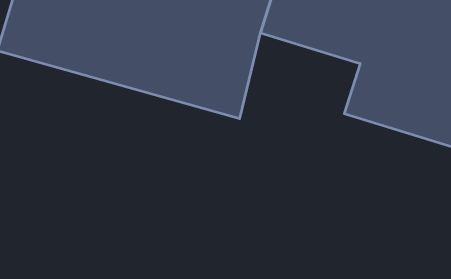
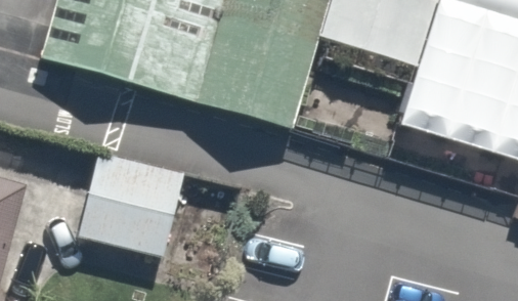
building: none -> [63,148,176,264]

